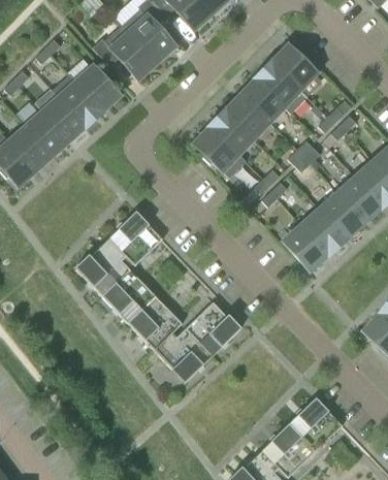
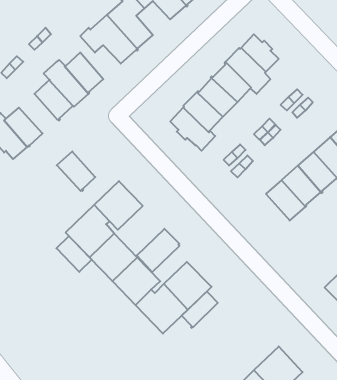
building: [23,113,66,157] -> [57,151,95,191]
building: [283,225,327,270] -> none
building: none -> [137,229,179,272]
building: none -> [56,236,92,272]
building: none -> [182,291,218,328]

